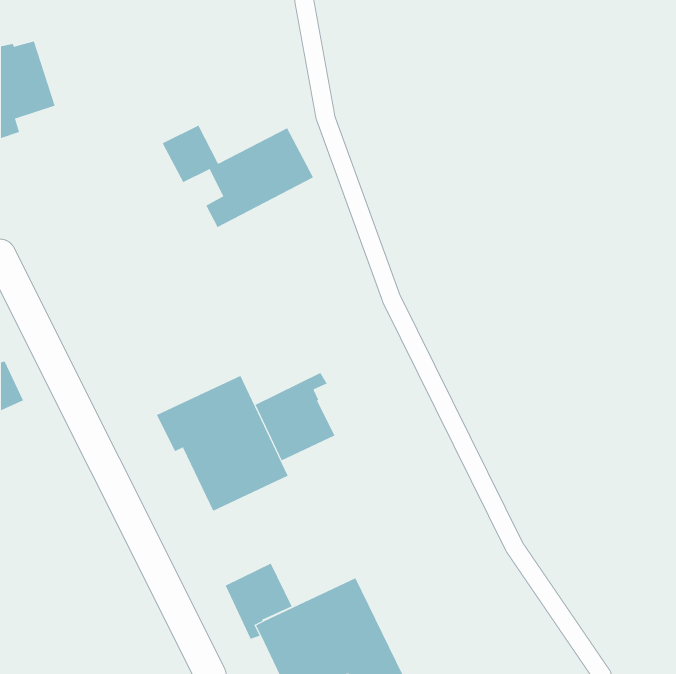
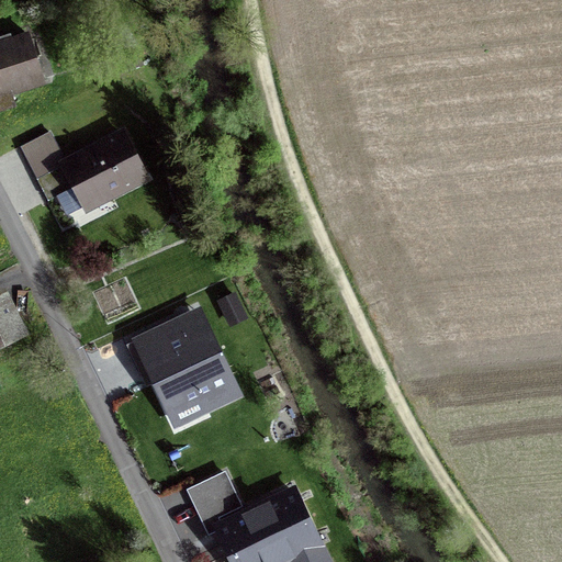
building: [162,125,314,228] -> [20,133,146,218]
building: [255,372,335,461] -> none

